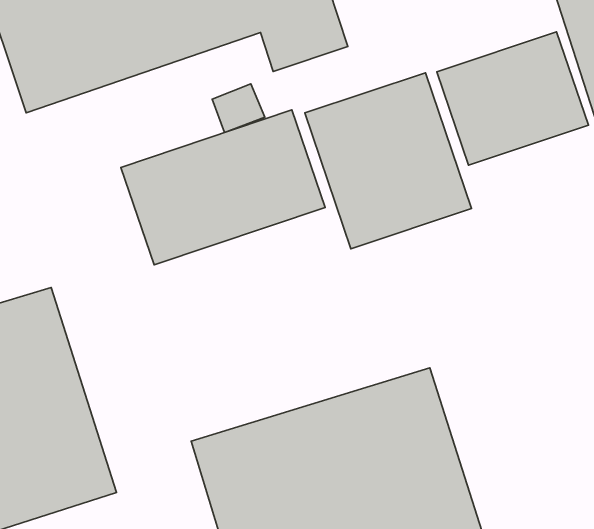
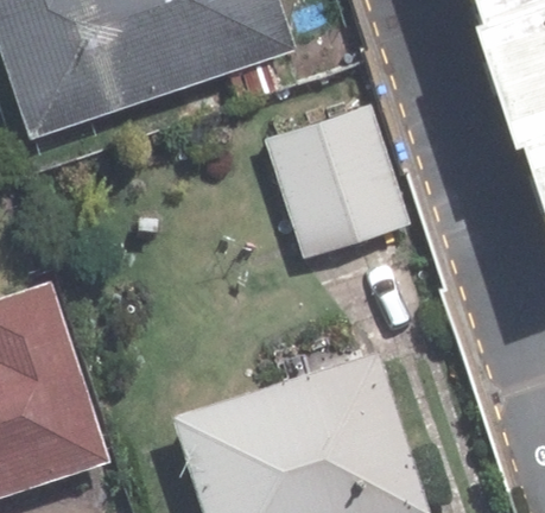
building: [437,32,588,165] -> none
building: [121,110,325,265] -> none

